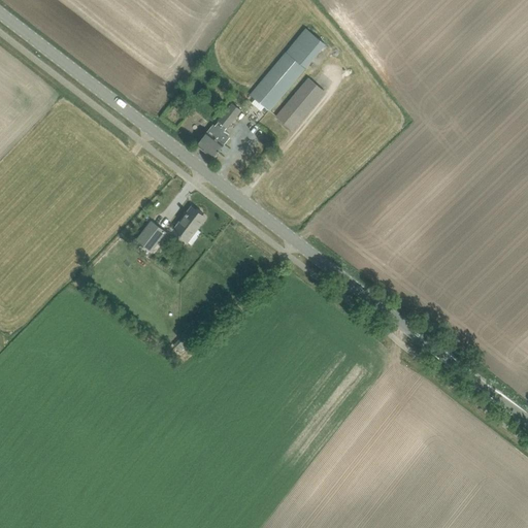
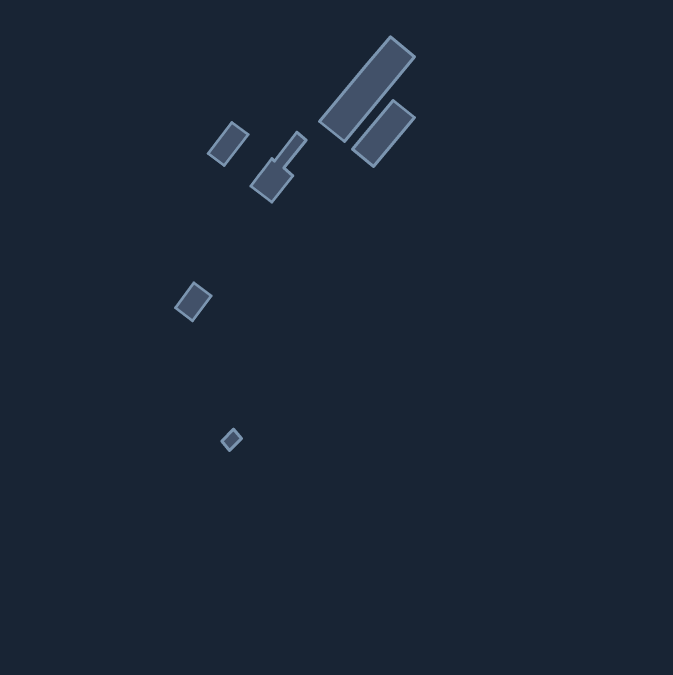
building: none -> [208,123,248,165]
building: [173,207,204,241] -> none

